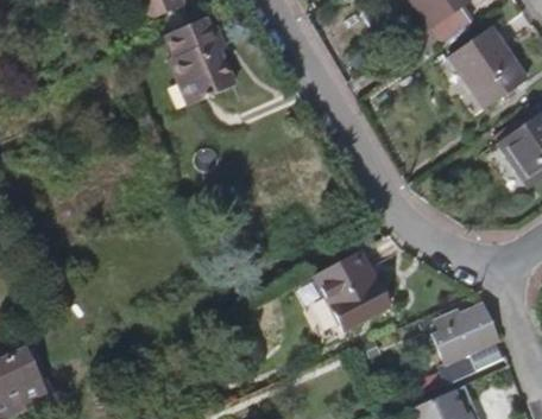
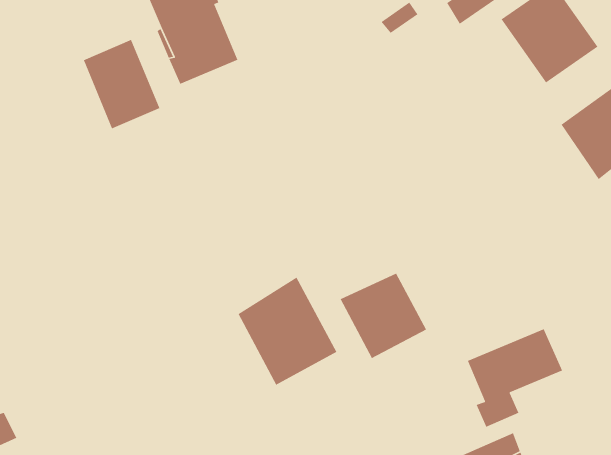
building: none -> [83,39,161,129]
building: none -> [237,276,337,386]

